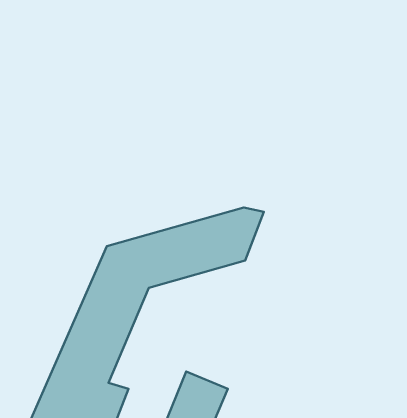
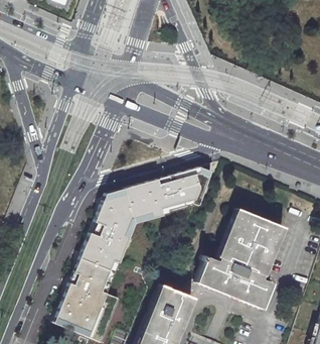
building: none -> [195,209,283,307]

